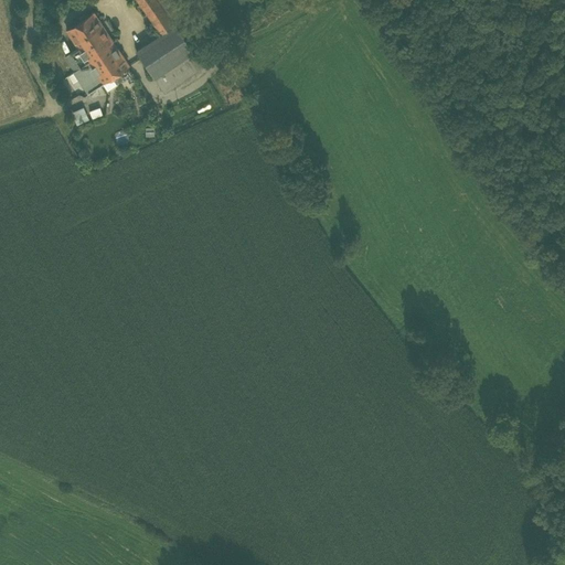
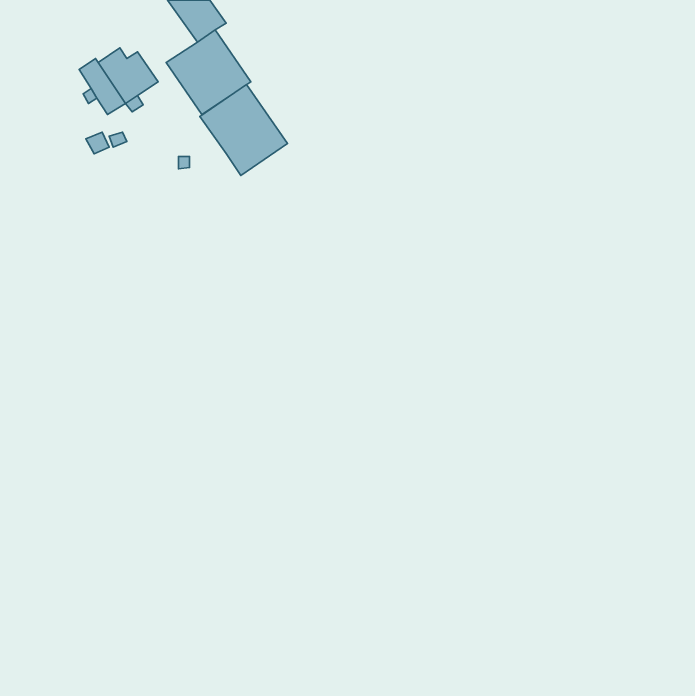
building: [65,12,111,51] -> none
building: none -> [200,85,288,175]

